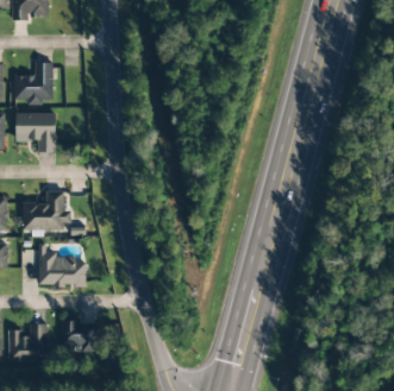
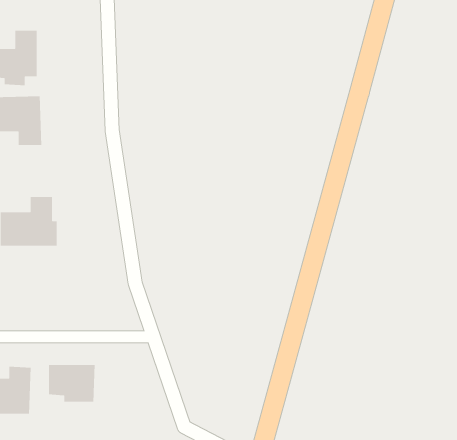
building: [38,245,86,285] -> none

